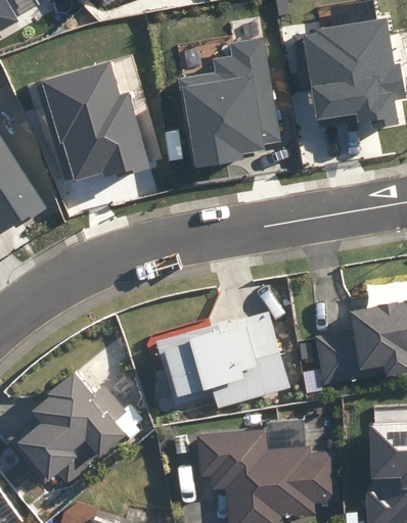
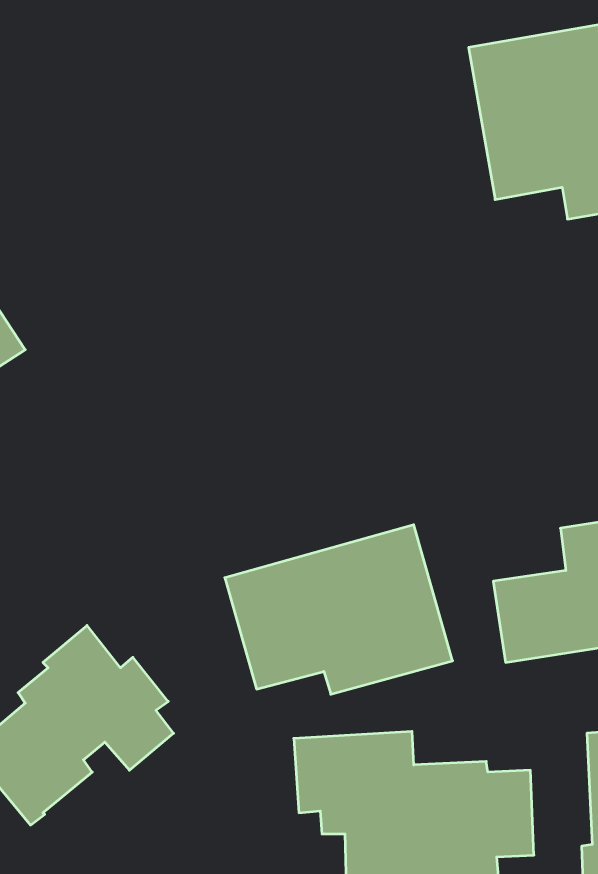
building: [180,40,278,167] -> none
building: [44,63,148,182] -> none

